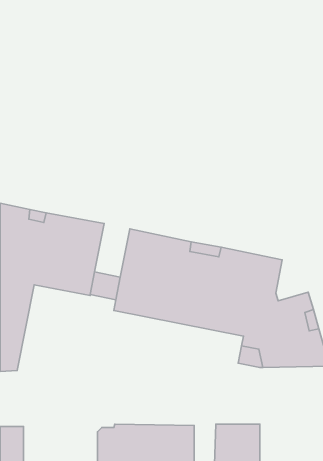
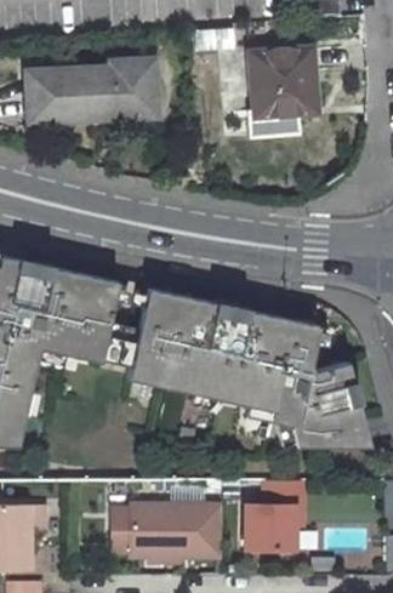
building: none -> [246,52,315,119]
building: none -> [23,59,152,122]
building: none -> [266,480,304,528]

